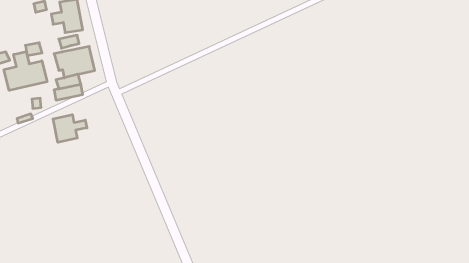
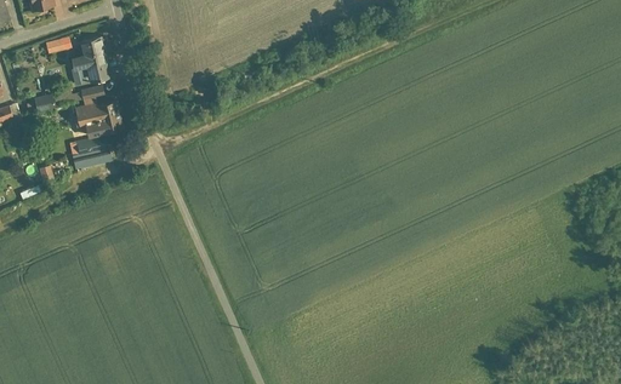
building: [4,52,47,90] -> none
building: [53,115,87,142] -> none

